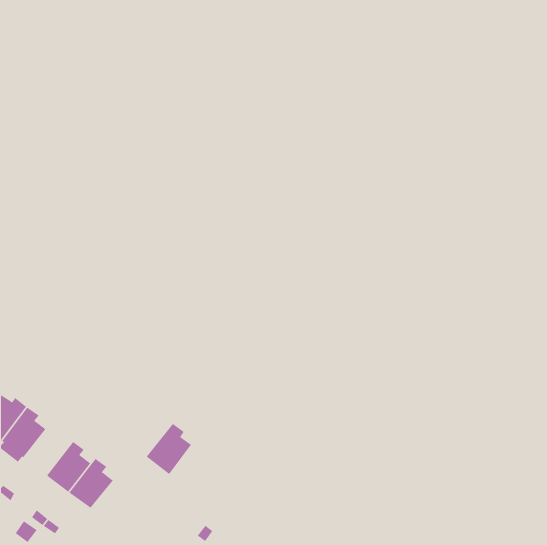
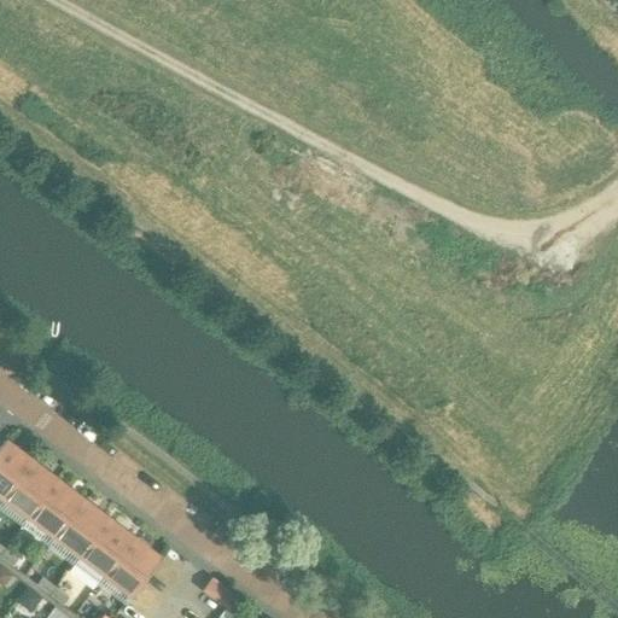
building: [146,423,192,475] -> [103,536,154,594]
building: none -> [27,478,82,536]

